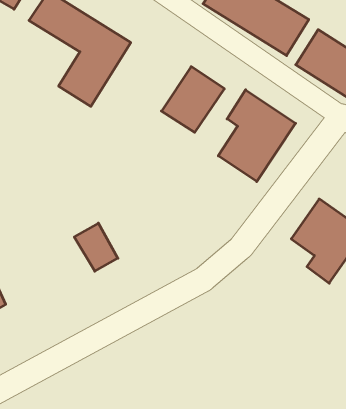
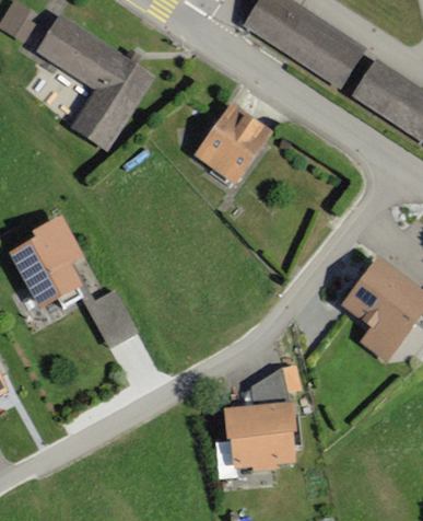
building: [218,90,296,182] -> none
building: none -> [13,219,84,308]
building: none -> [215,367,290,466]

